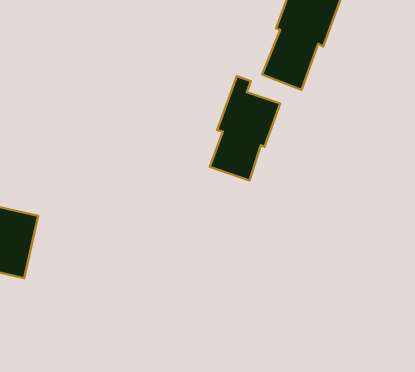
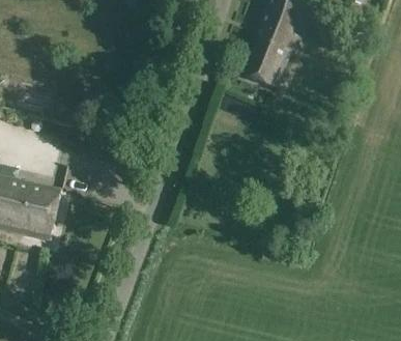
building: [210,76,280,181] -> none

